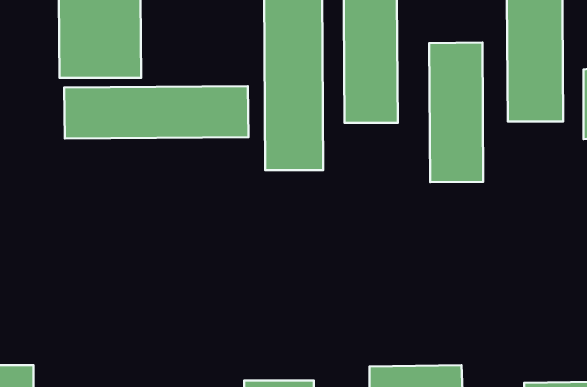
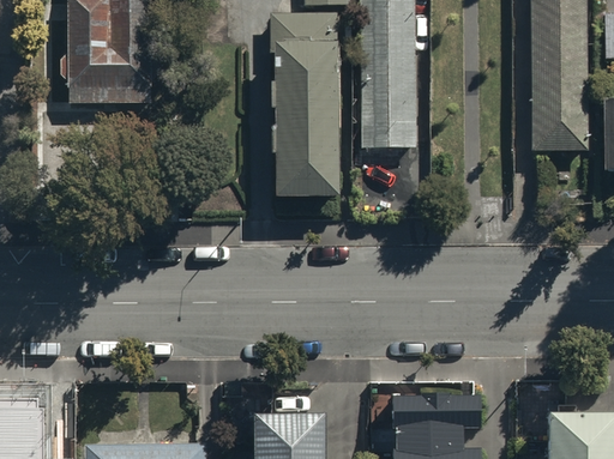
building: [429,43,483,182] -> none
building: [64,86,249,138] -> none

